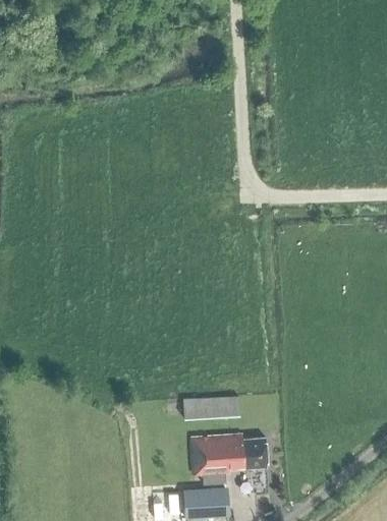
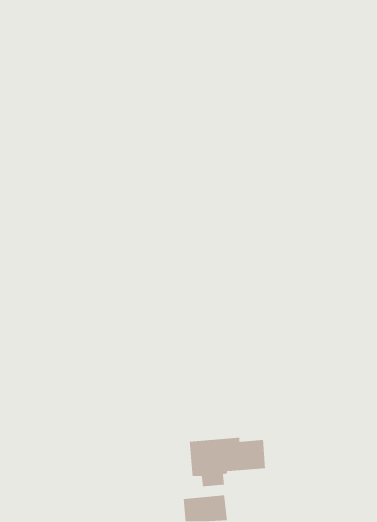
building: [183,395,239,418] -> none

